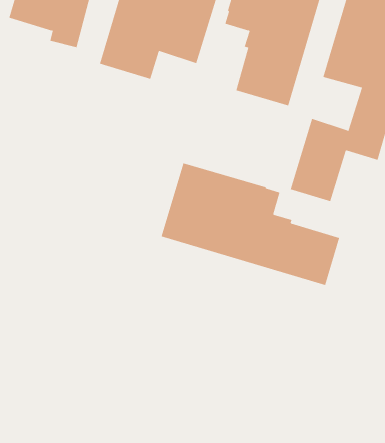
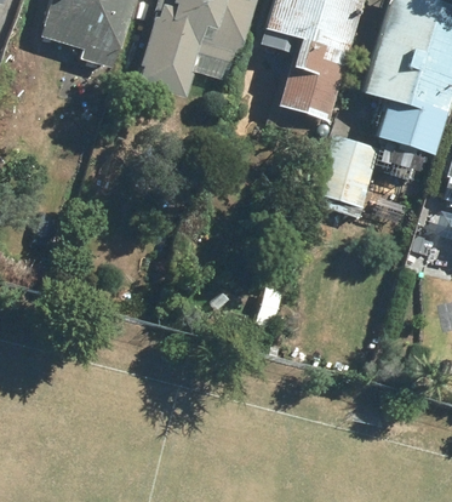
building: [161,162,340,286] -> none

